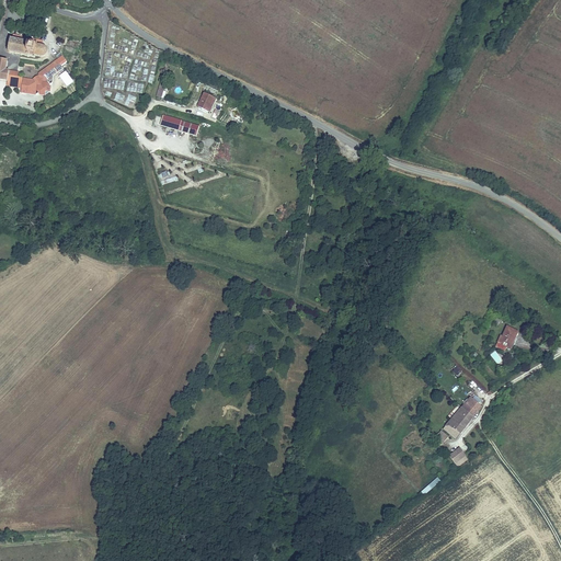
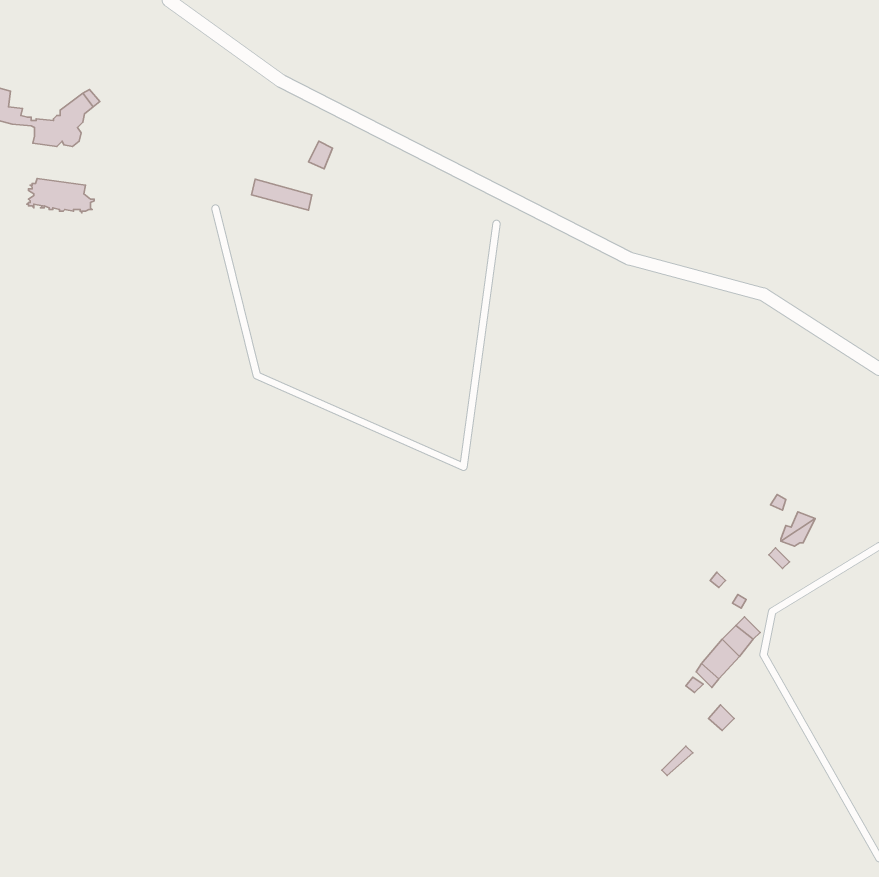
building: [5,33,48,55] -> [27,178,94,213]

